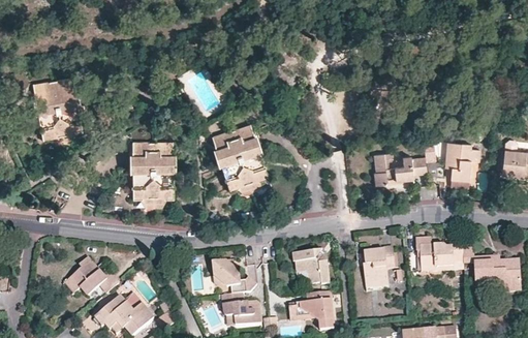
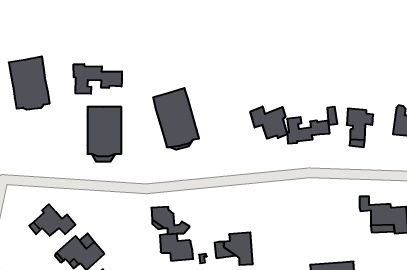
building: none -> [74,64,122,94]
building: none -> [250,106,287,139]
building: [414,237,462,272] -> none
building: [361,241,393,284] -> none
building: [291,249,330,283] -> none

